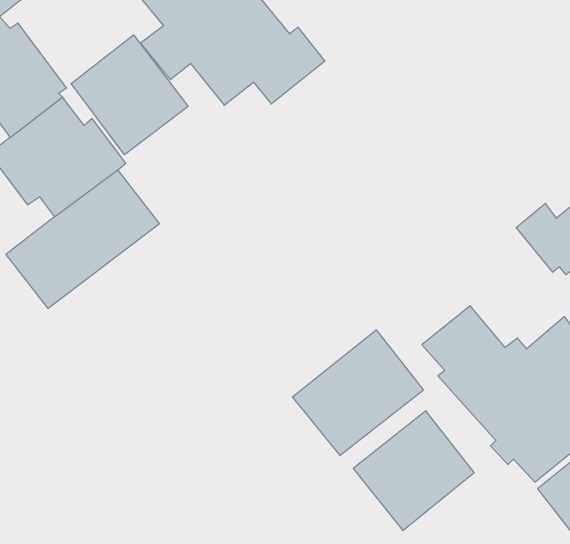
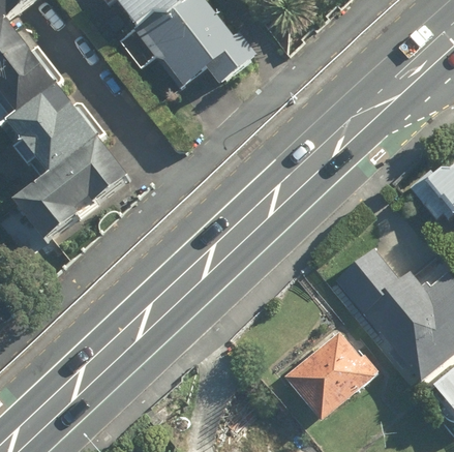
building: [71,35,188,155] -> none
building: [292,330,424,456] -> none

